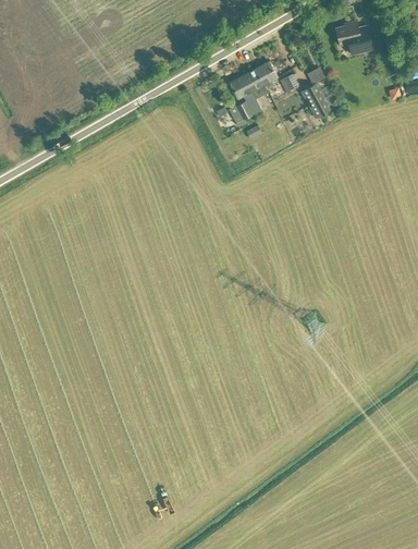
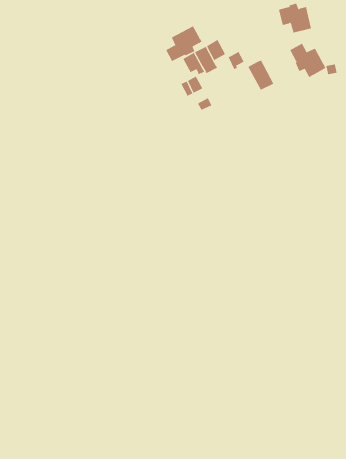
building: none -> [165,26,202,62]
building: none -> [290,43,326,78]

